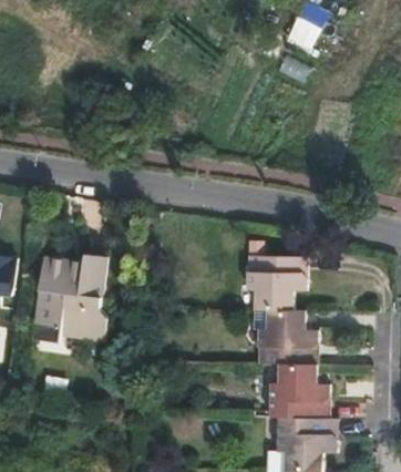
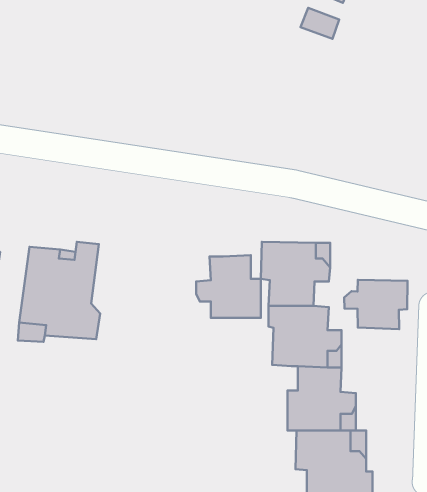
building: none -> [196,255,261,318]
building: none -> [344,280,408,329]

